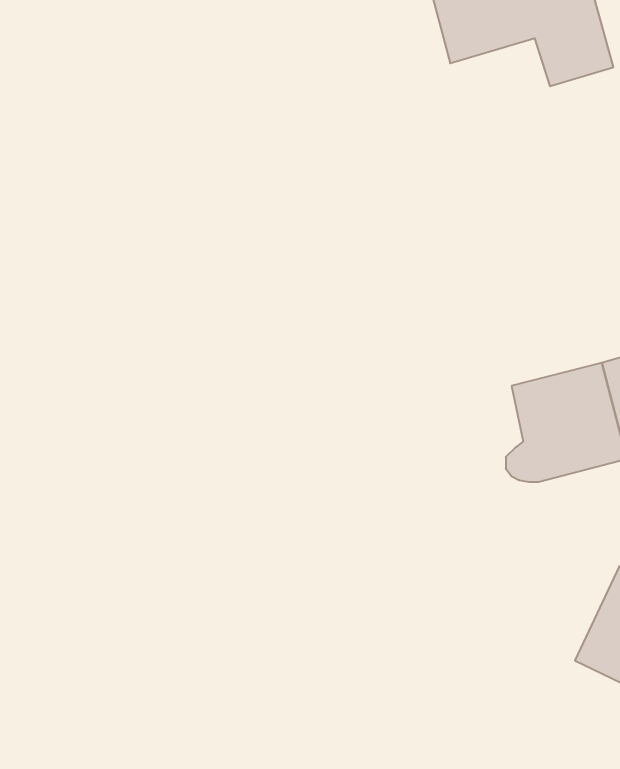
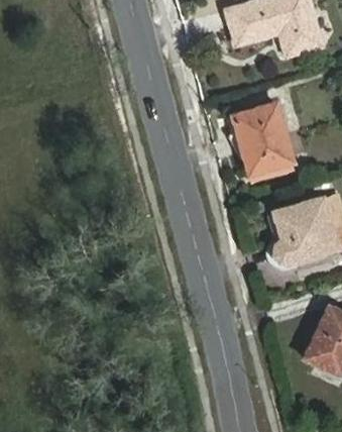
building: none -> [233,104,291,173]

